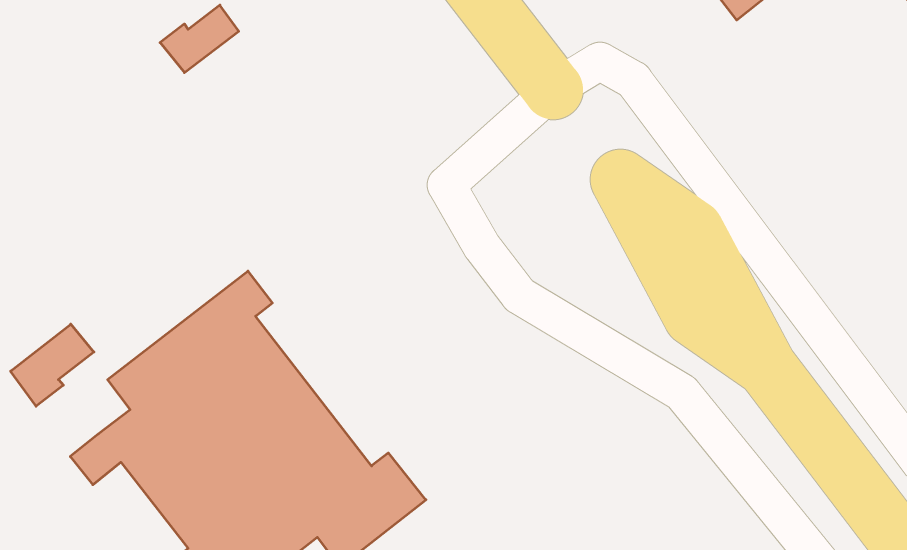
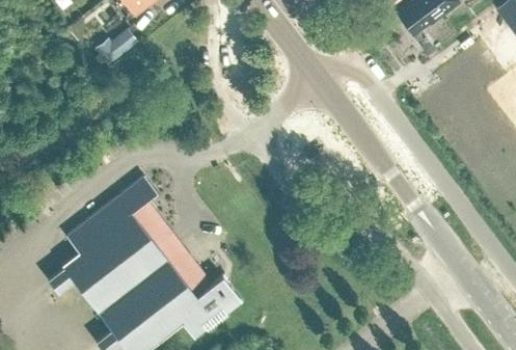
building: [11,324,94,406] -> none

